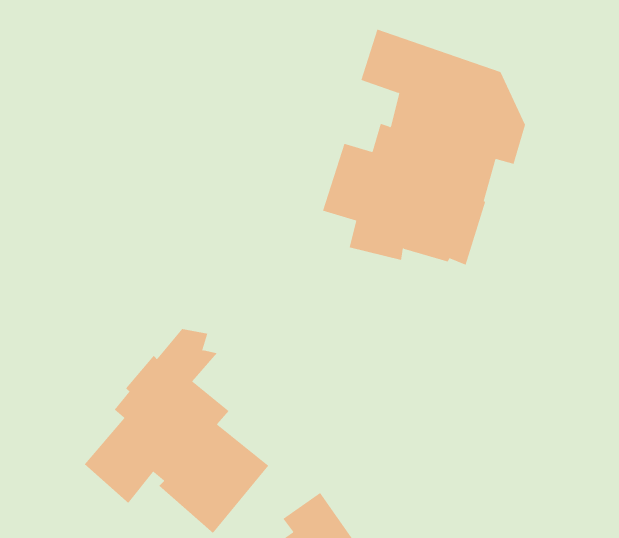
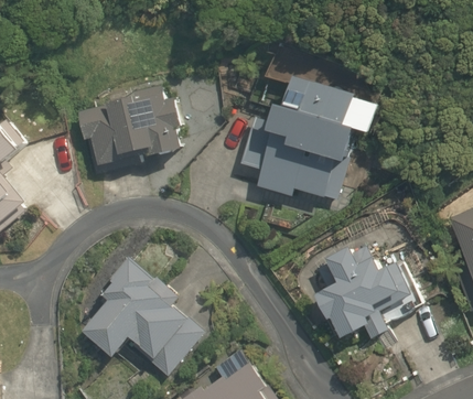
building: none -> [75,86,180,166]
building: none -> [315,248,423,338]

